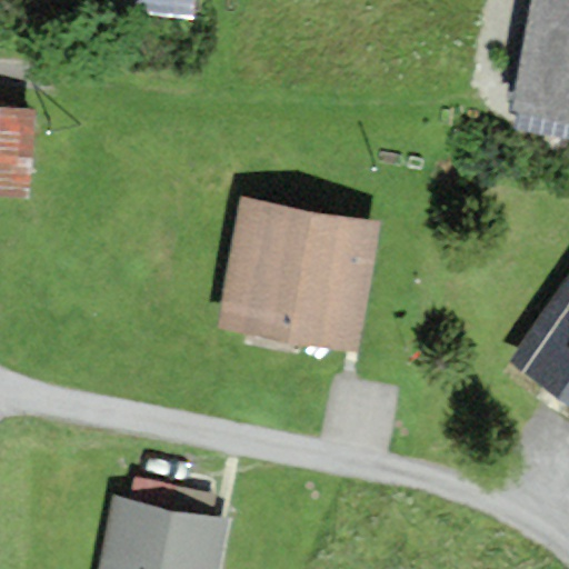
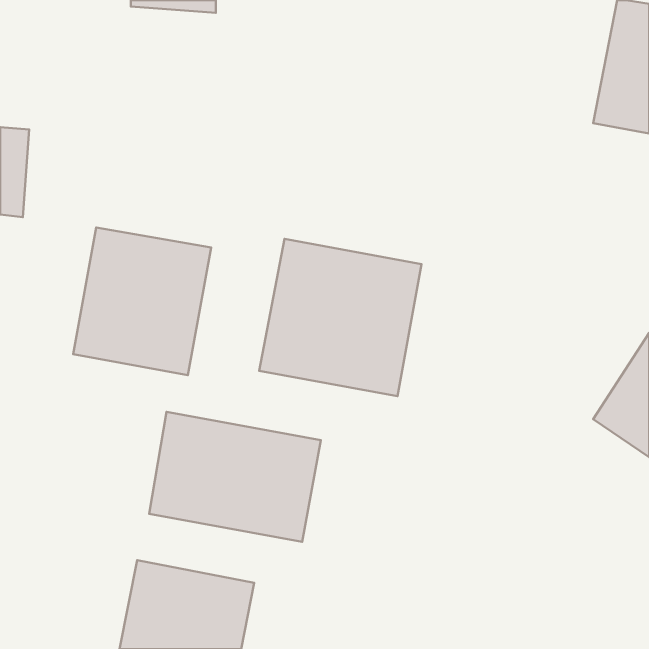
building: none -> [73,228,211,375]
building: none -> [149,412,321,542]

